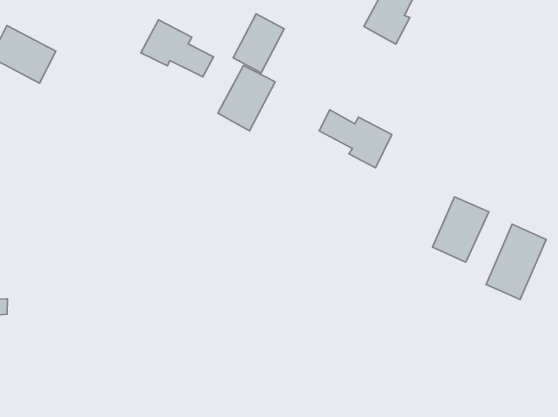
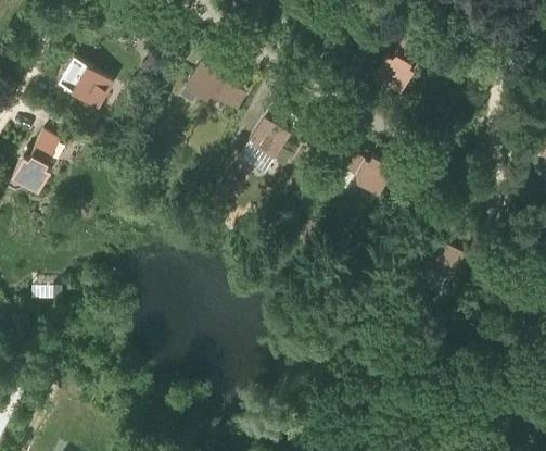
building: [233,14,284,73] -> none
building: [486,224,546,300] -> none

